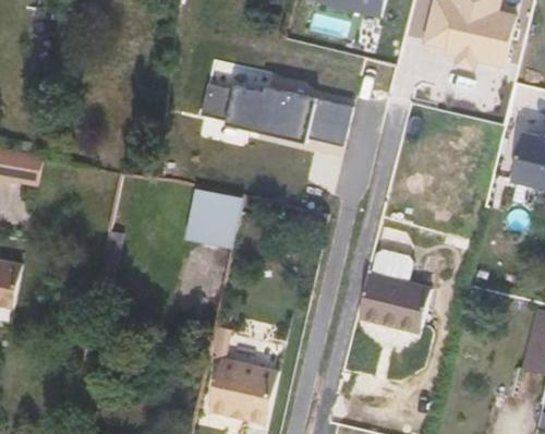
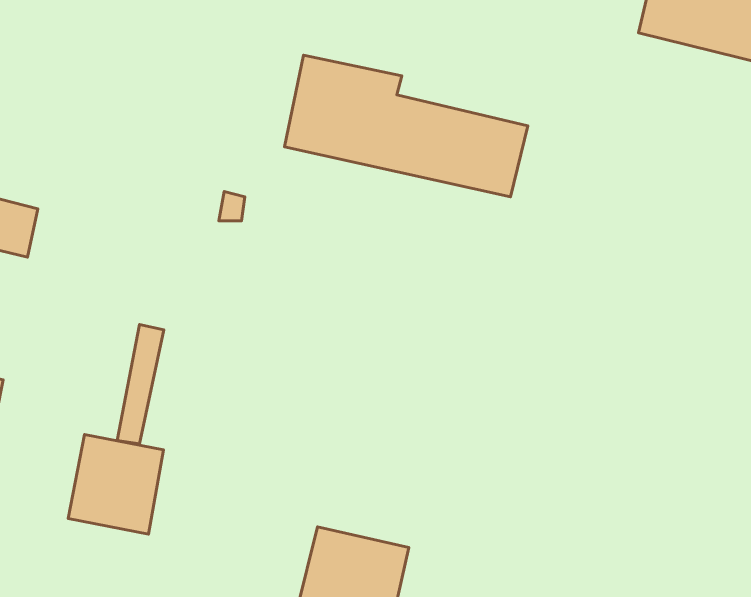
building: [185,190,242,246] -> none
building: [359,245,431,329] -> none
building: none -> [68,435,163,534]

